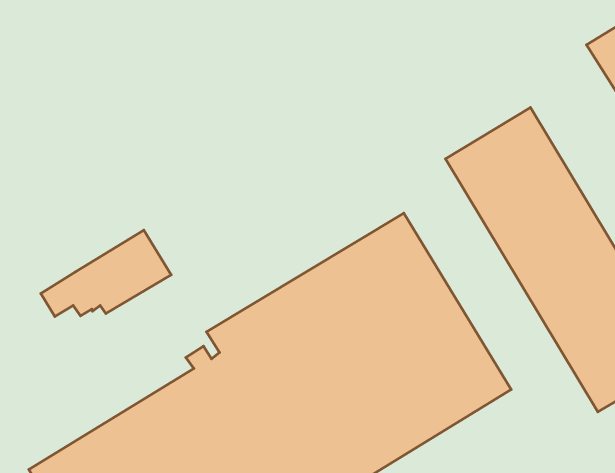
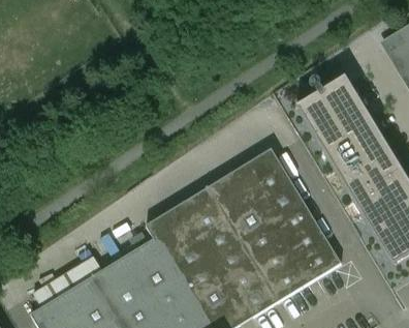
building: [41,230,171,317] -> none

